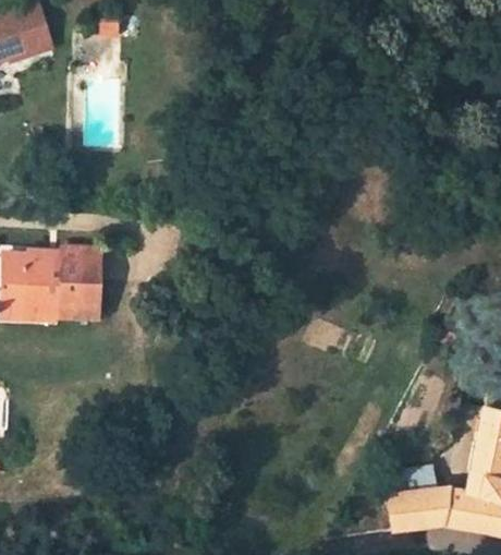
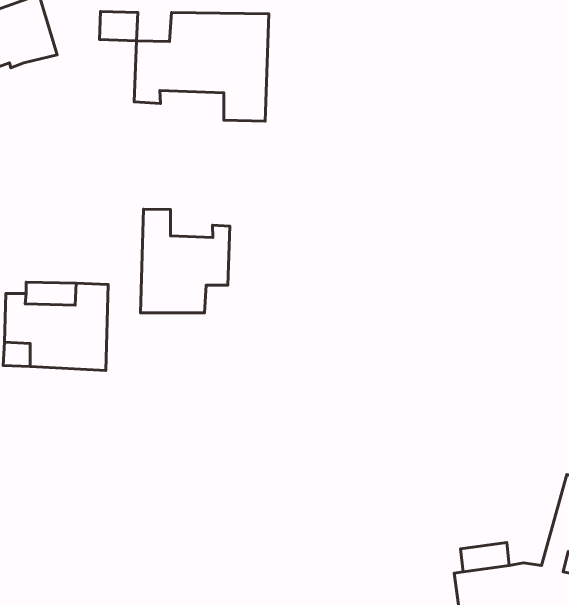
building: none -> [134,13,269,121]
building: none -> [140,209,230,313]

